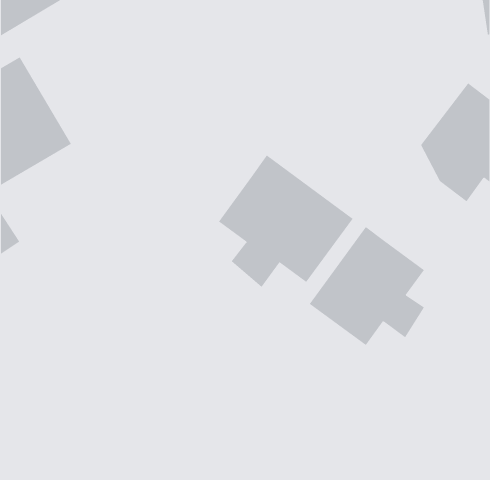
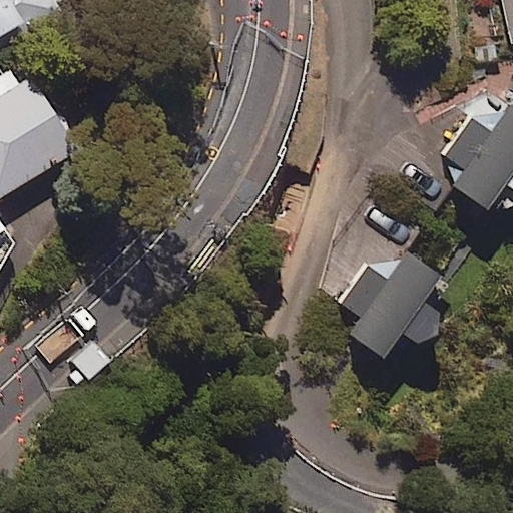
building: [218,155,353,288] -> none

